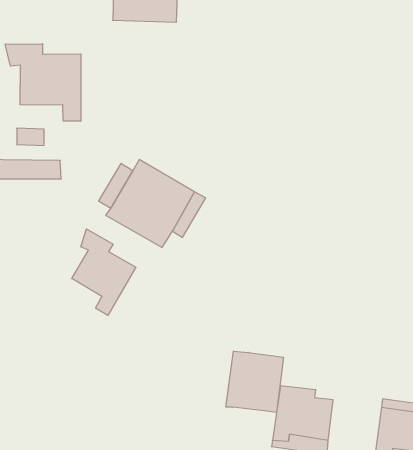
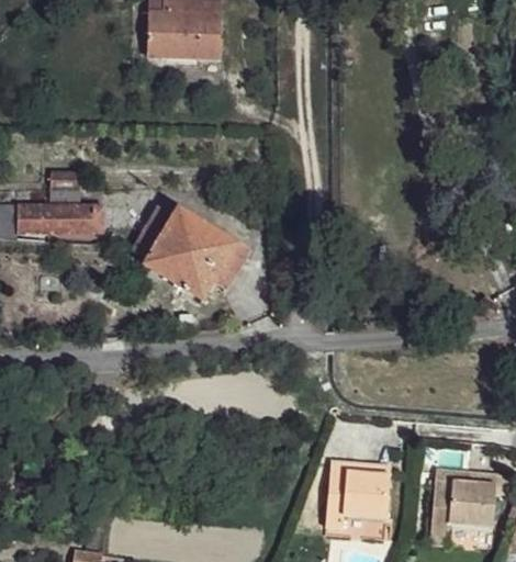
building: [5,44,81,121] -> none
building: [72,229,136,315] -> none
building: [226,351,283,413] -> none

